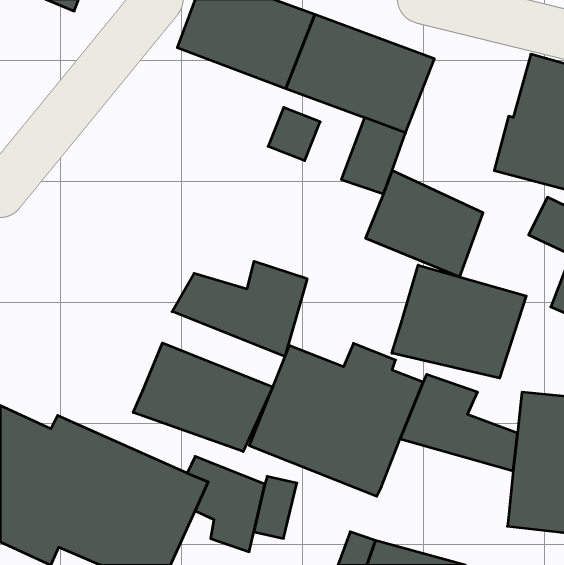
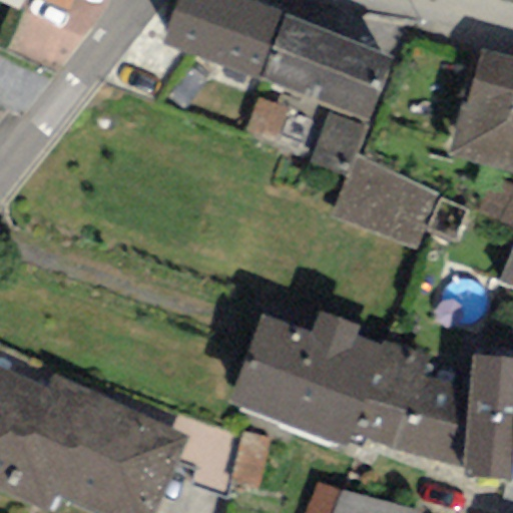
building: [172,261,307,357] -> none
building: [392,265,526,378] -> none
building: [133,343,273,452] -> none
building: none -> [347,397,466,468]

